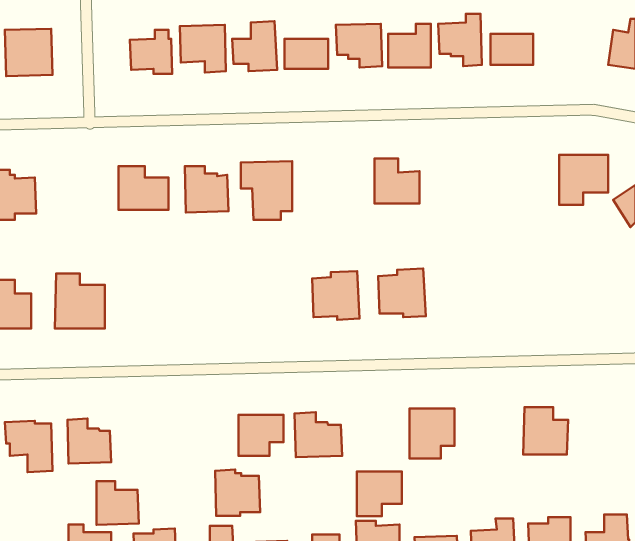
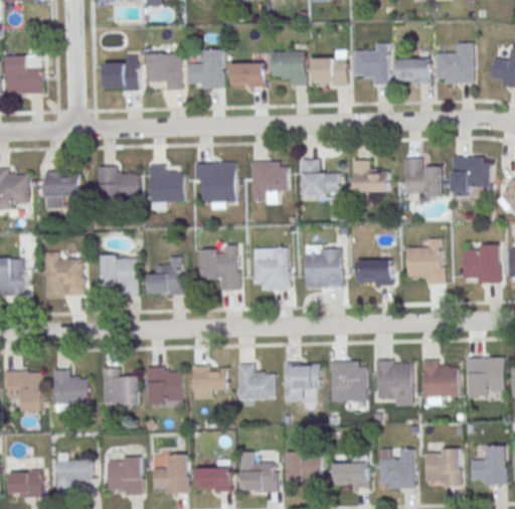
building: none -> [436,42,473,83]
building: none -> [404,157,442,196]
building: none -> [249,160,286,203]
building: none -> [353,160,389,191]
building: none -> [44,171,79,207]
building: none -> [406,237,446,284]
building: none -> [201,244,240,290]
building: none -> [463,244,501,283]
building: none -> [100,254,138,294]
building: none -> [148,257,182,295]
building: none -> [356,261,392,286]
building: none -> [466,357,503,396]
building: none -> [375,359,411,398]
building: [215,470,260,516] -> [147,366,183,403]
building: [357,471,402,516] -> [285,362,321,398]
building: [96,481,139,525] -> [104,369,138,404]

